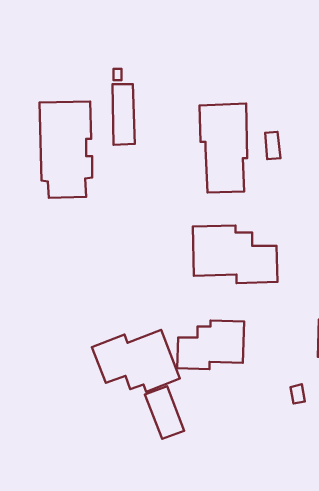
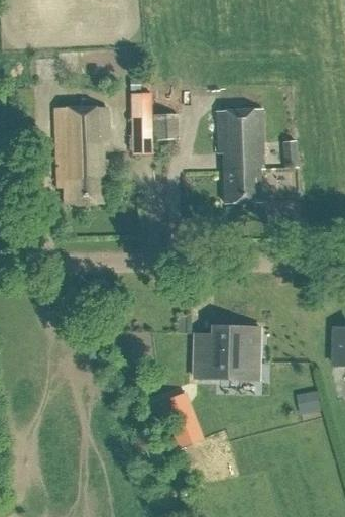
building: none -> [150,111,176,138]
building: [193,225,278,283] -> none
building: [92,330,180,392] -> none

